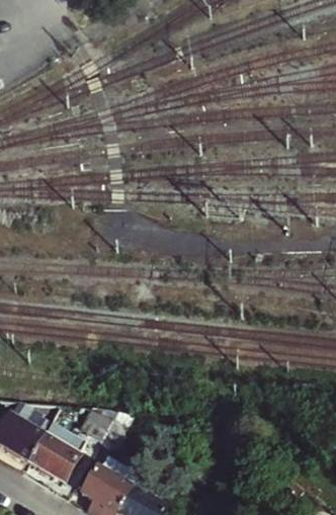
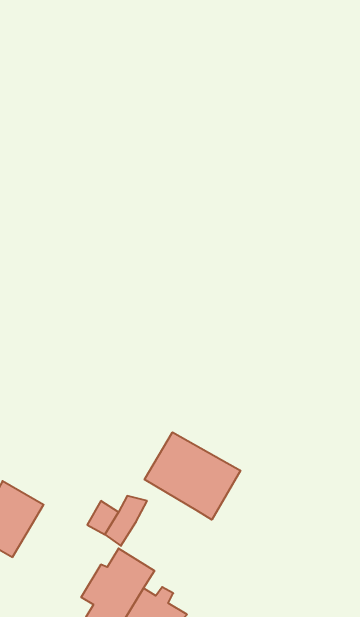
building: none -> [145,432,240,520]
building: [23,417,82,481] -> none

